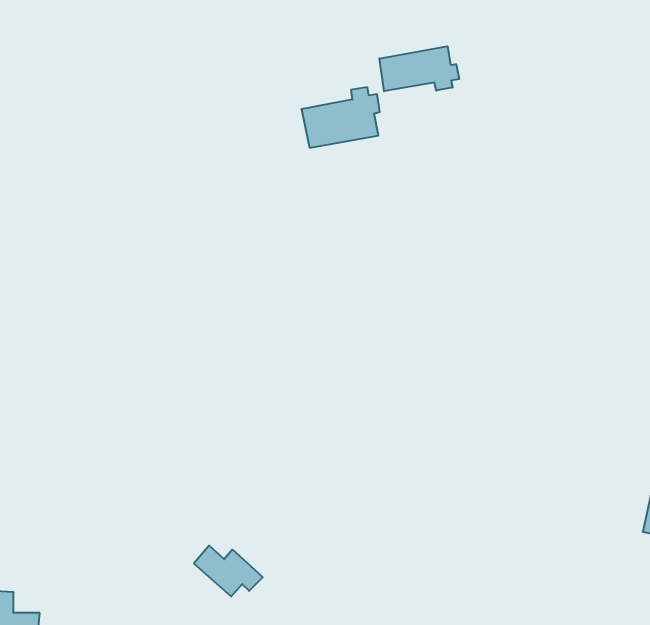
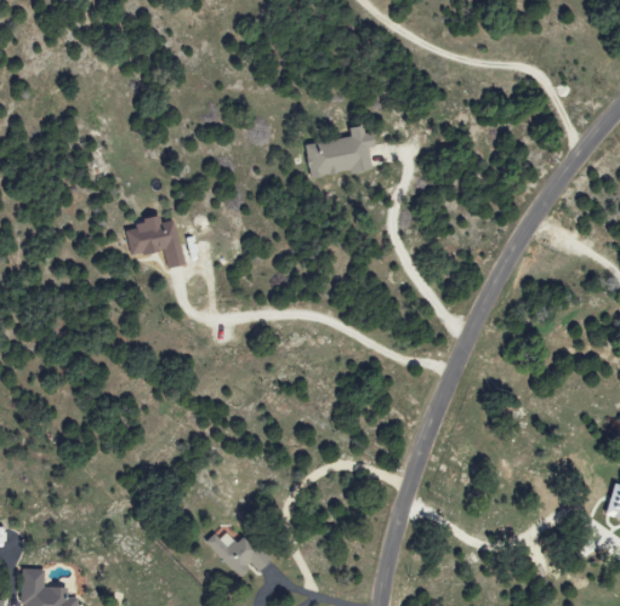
building: [379,46,459,91] -> none
building: none -> [126,217,183,268]

